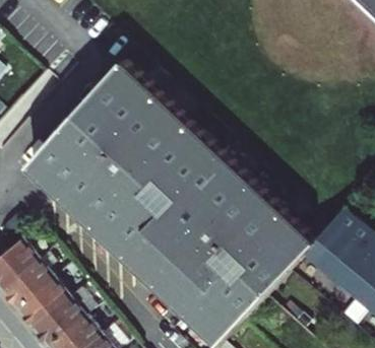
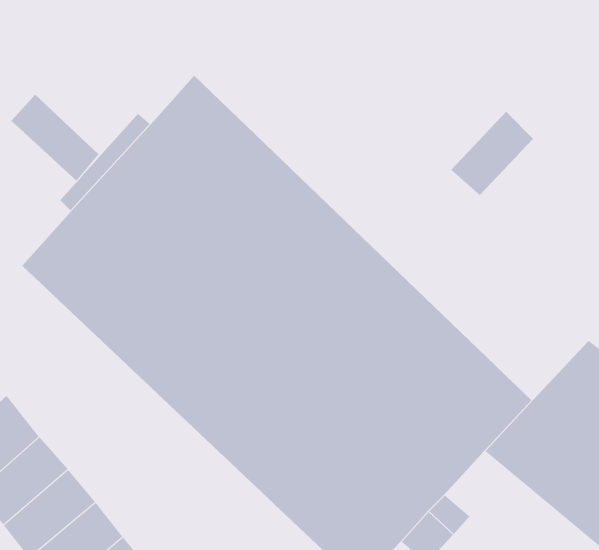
building: none -> [10,94,99,181]
building: none -> [450,111,534,196]

